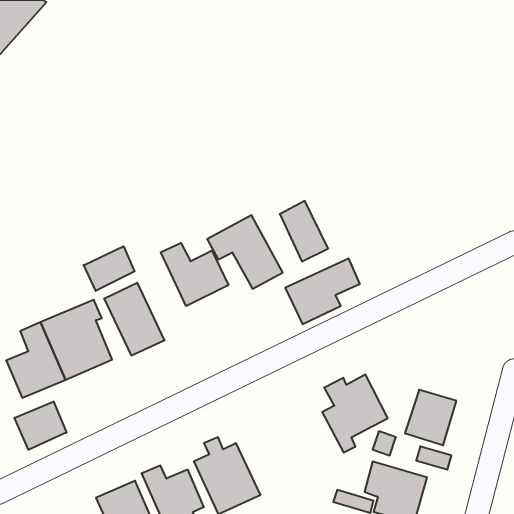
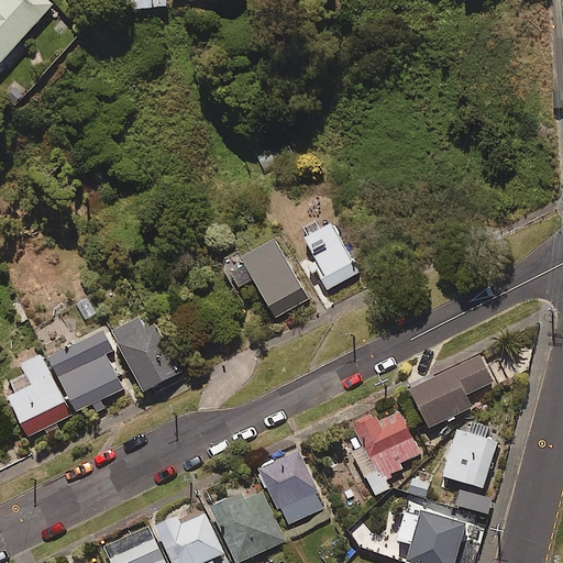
building: [161,243,228,306] -> none
building: [84,246,135,291] -> none
building: [285,258,360,324] -> [410,355,492,427]
building: [14,401,67,450] -> none
building: none -> [260,449,323,525]

